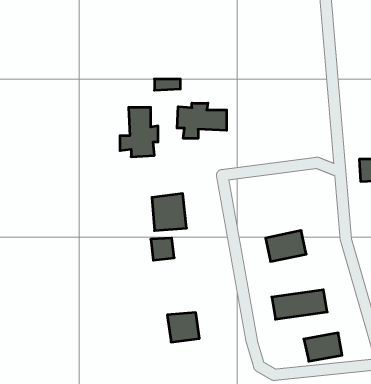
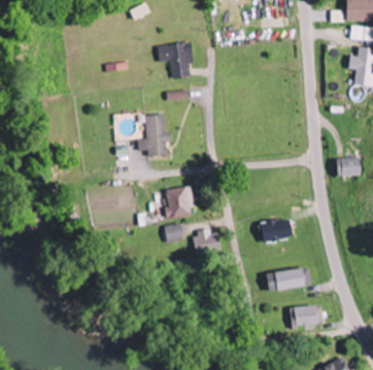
building: none -> [157,43,192,78]
building: [177,103,227,138] -> none
building: [167,313,199,342] -> [193,230,219,255]

